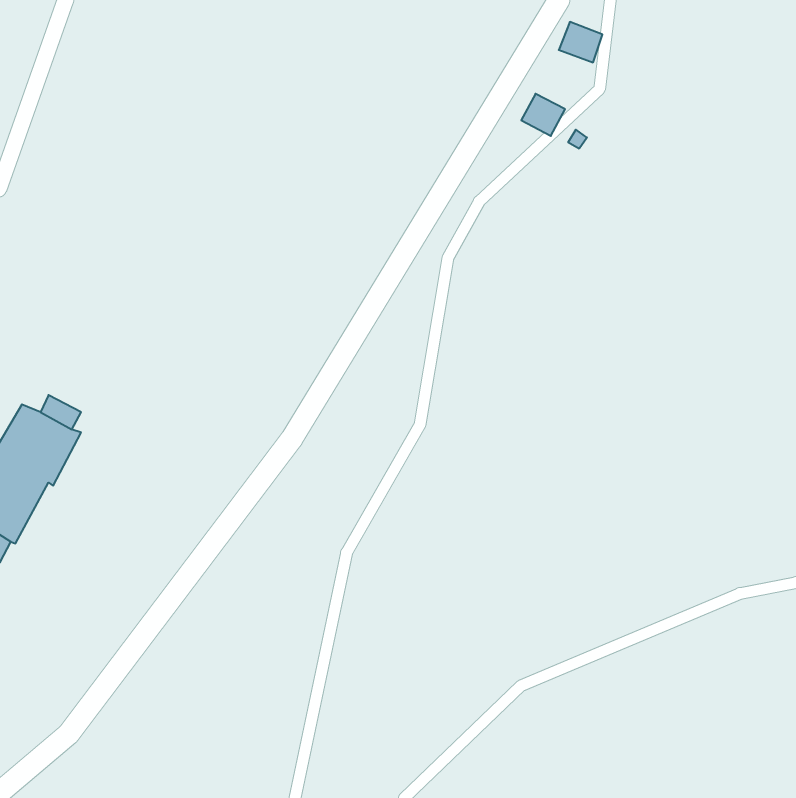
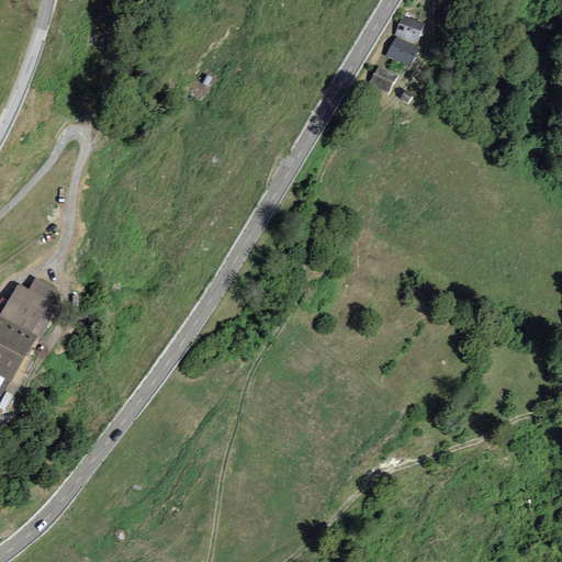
building: none -> [385,37,418,68]

